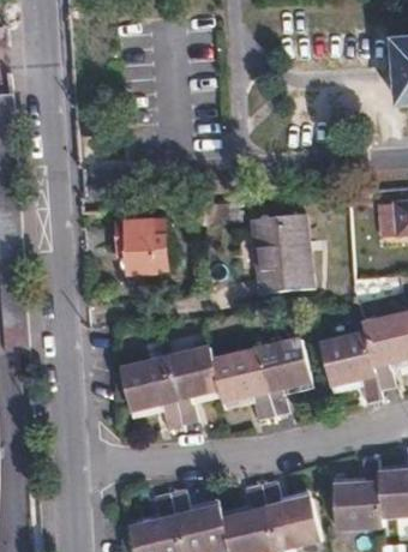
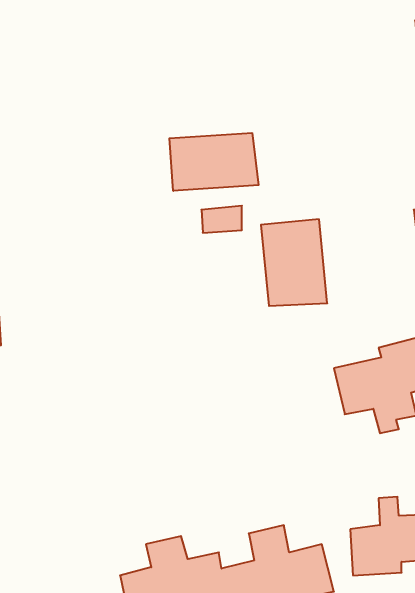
building: none -> [169,133,259,191]
building: [118,221,162,272] -> none
building: [121,342,308,428] -> none

